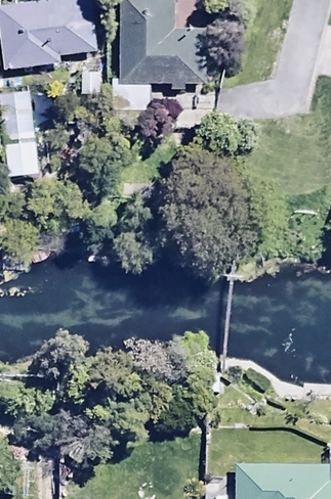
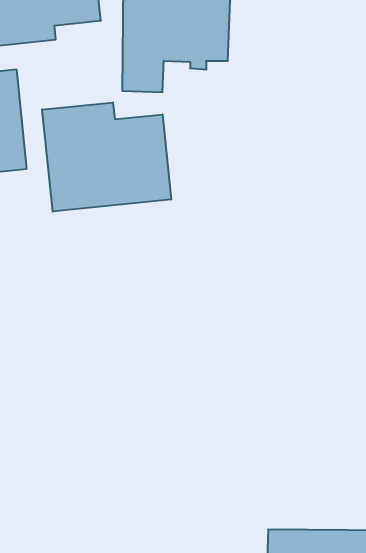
building: none -> [42,102,171,212]

